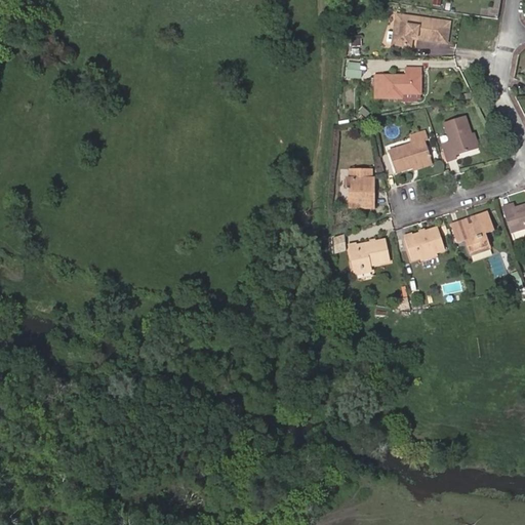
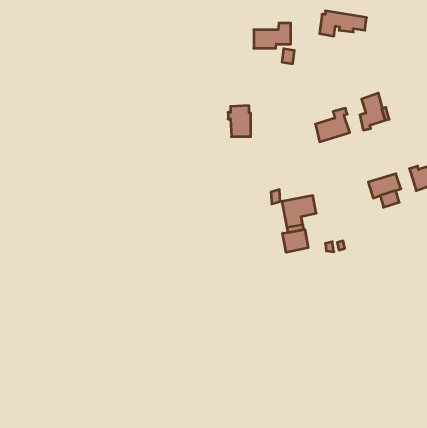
building: [374,68,419,98] -> [254,23,291,48]
building: [345,170,372,208] -> [228,106,251,137]
building: [404,224,444,256] -> none
building: none -> [283,229,308,252]

